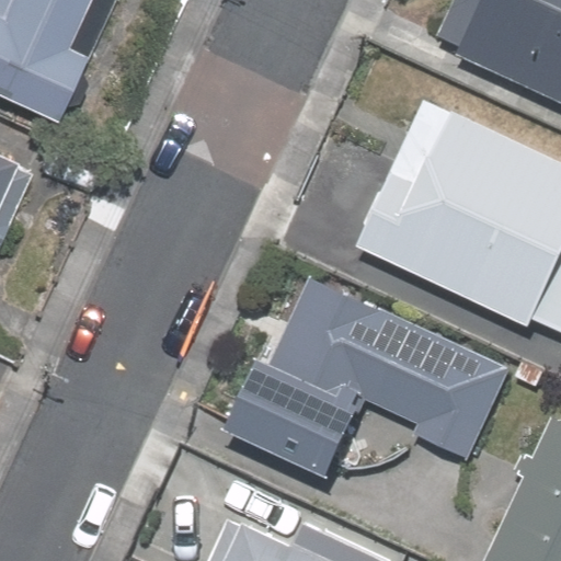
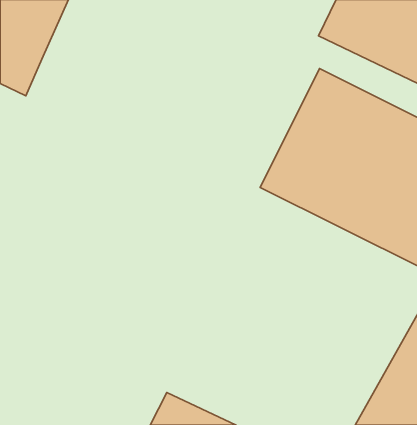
building: [236,276,467,477] -> none

